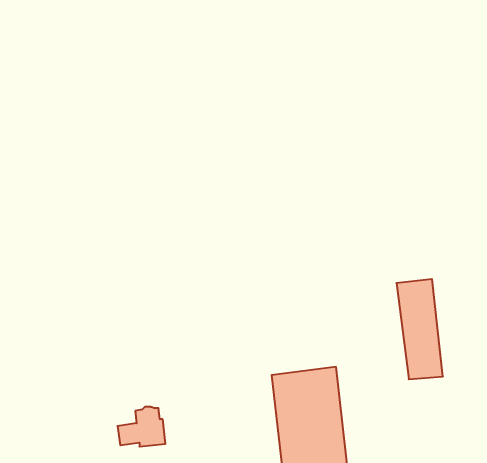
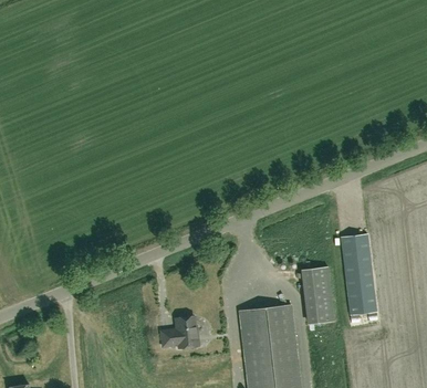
building: none -> [303,261,331,316]
building: [117,407,165,447] -> [162,316,200,348]

